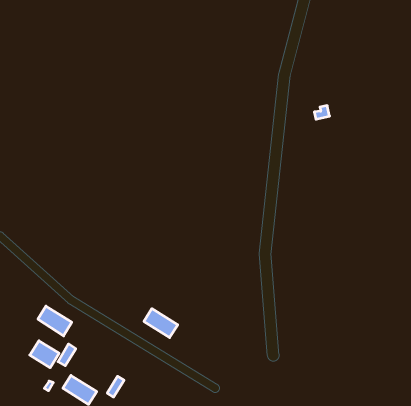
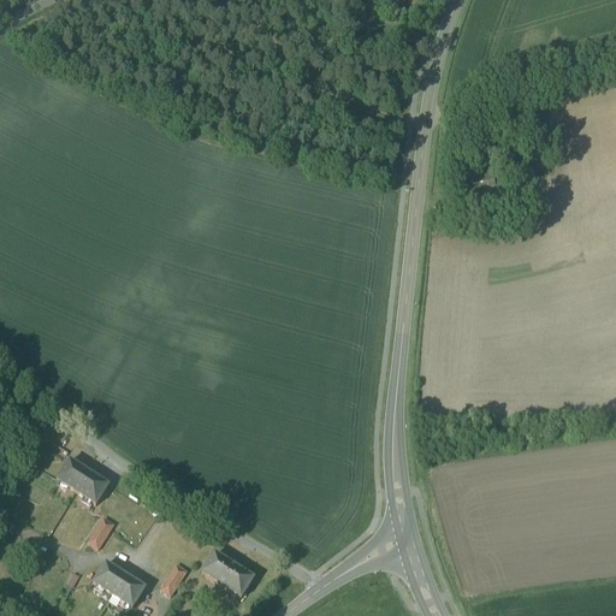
building: [144,309,178,338] -> [203,550,254,593]
building: [30,341,59,368] -> none

